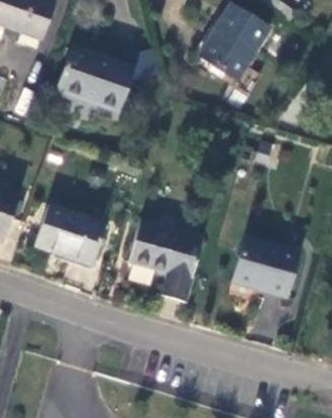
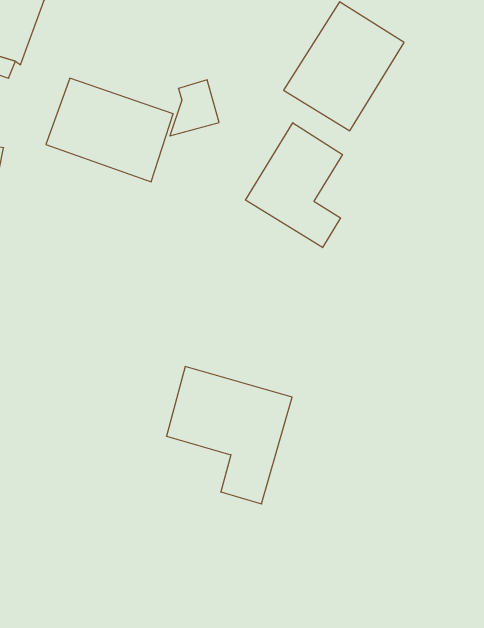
building: none -> [245,123,342,248]
building: [34,206,105,267] -> none
building: [233,237,299,298] -> none

